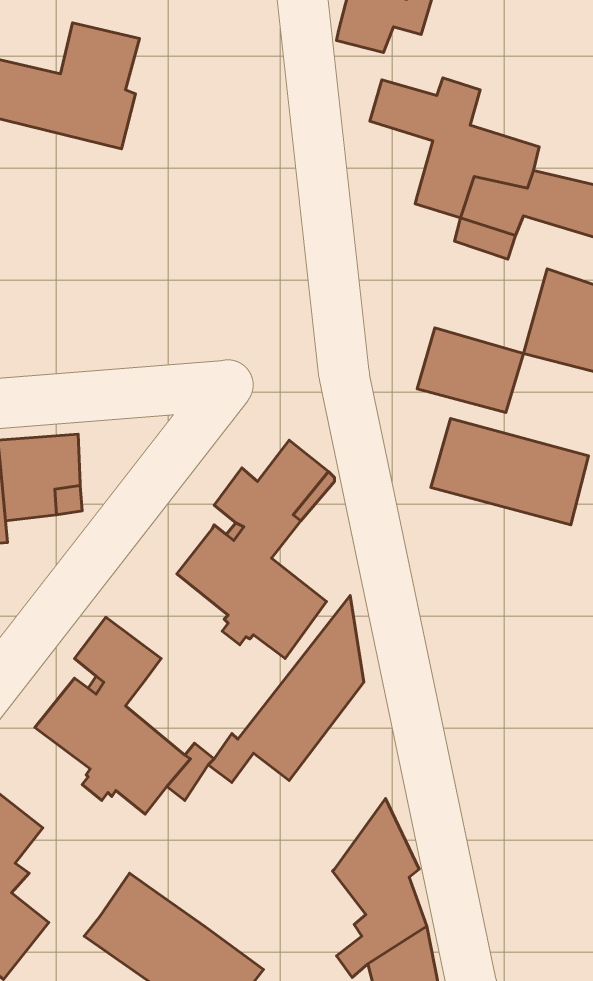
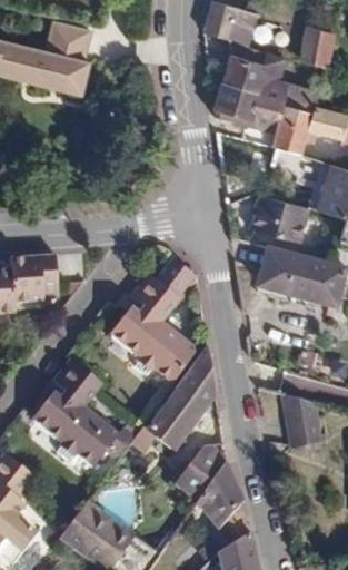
building: none -> [295,24,334,68]
building: none -> [210,77,256,119]
building: none -> [282,393,321,445]
building: none -> [176,443,229,500]

